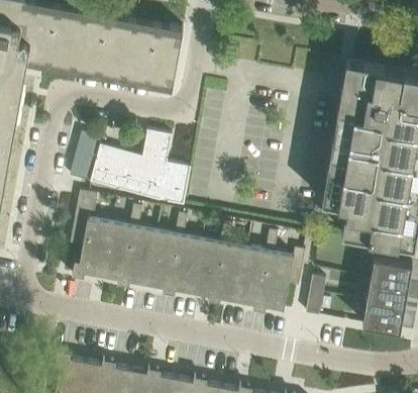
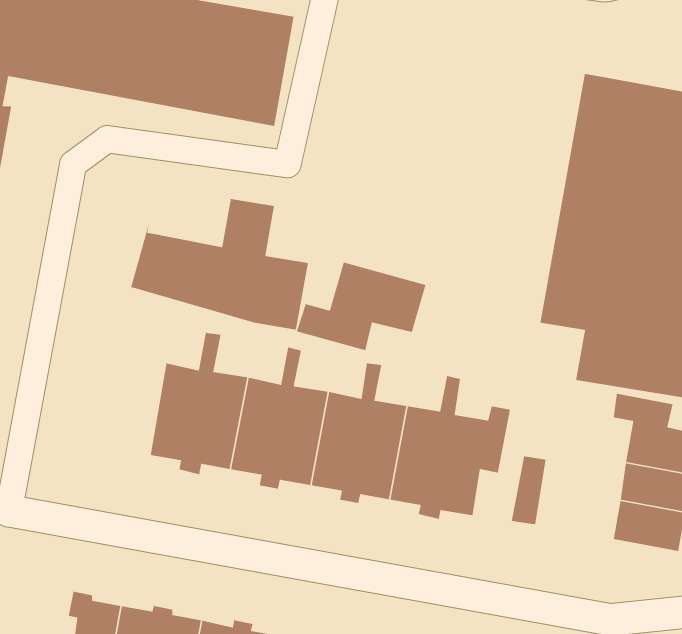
building: [69,132,100,182] -> none
building: none -> [296,261,426,351]
building: [69,191,109,278] -> none

